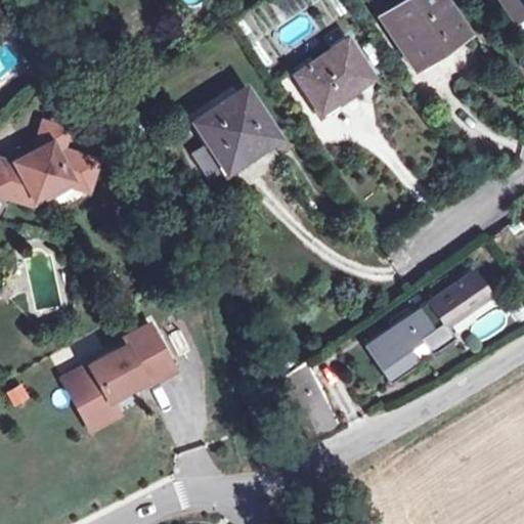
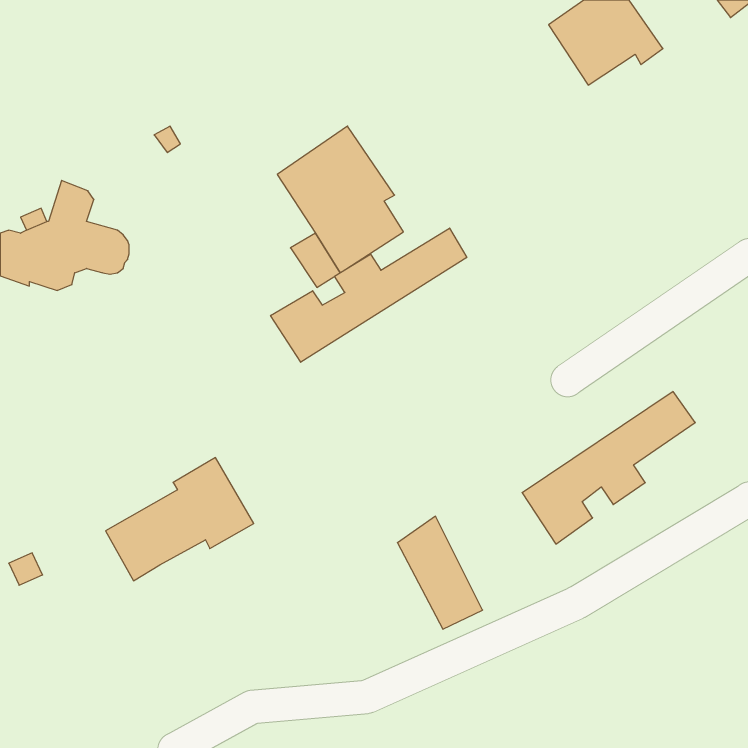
building: [296,42,370,113] -> none
building: none -> [271,228,467,362]
building: [66,372,122,427] -> none

